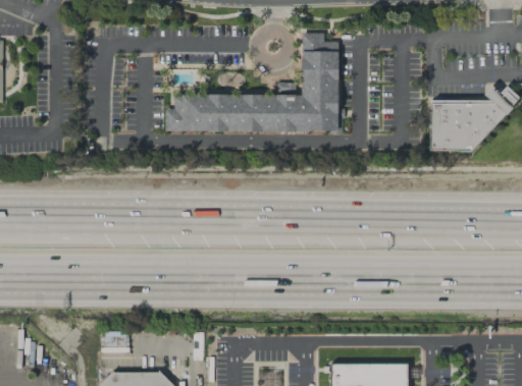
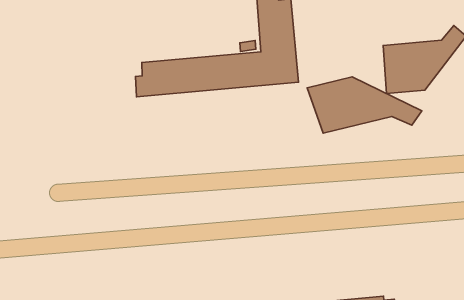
building: none -> [307,77,422,133]

